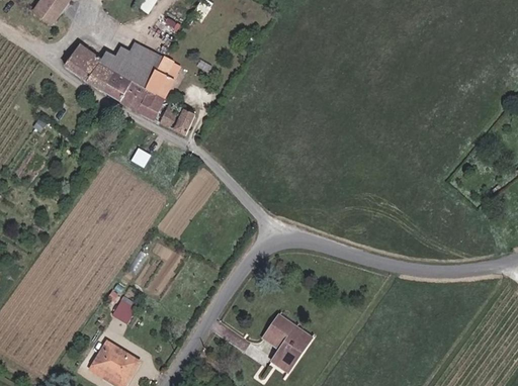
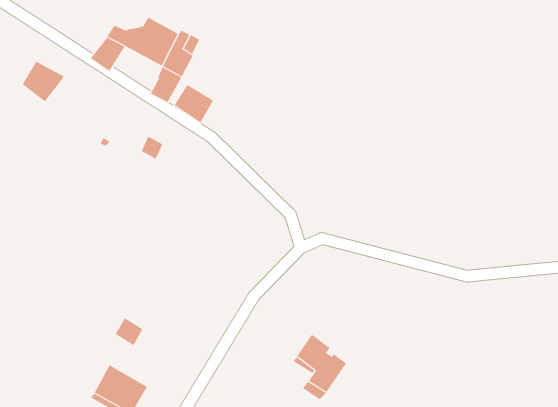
building: [68,43,104,79] -> [22,61,64,102]
building: [104,69,150,109] -> none

